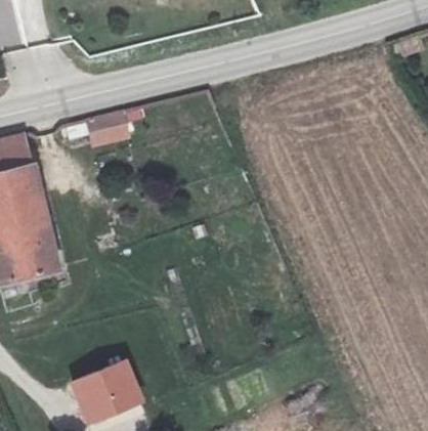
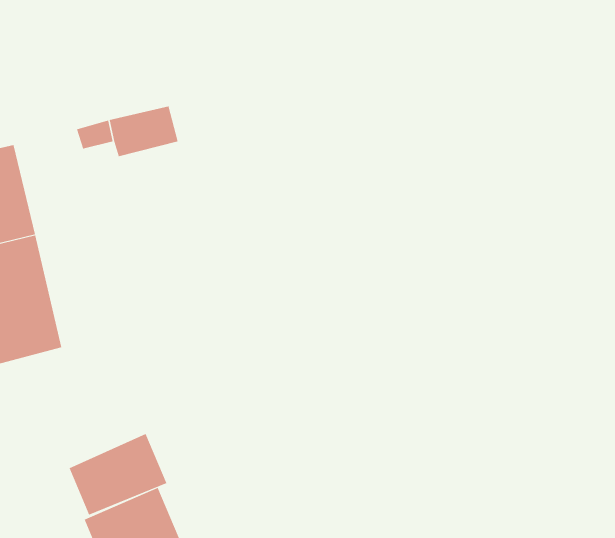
building: none -> [69,433,167,515]

